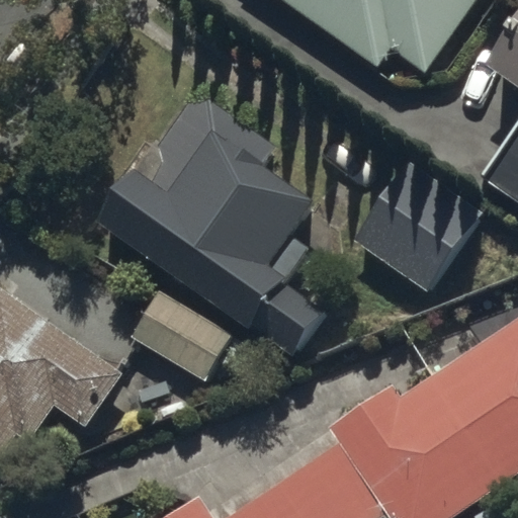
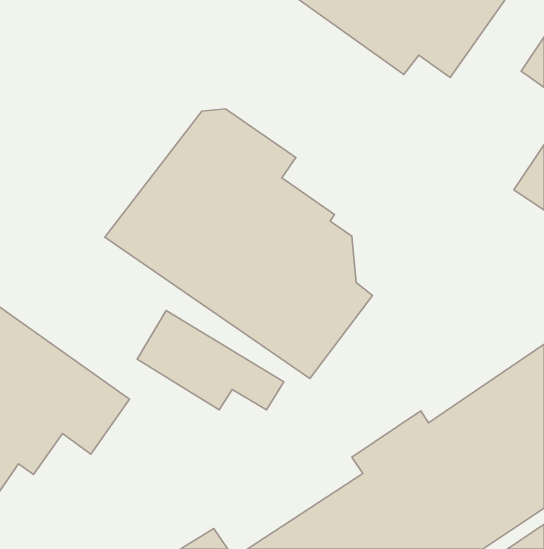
building: [329,144,482,269] -> none

